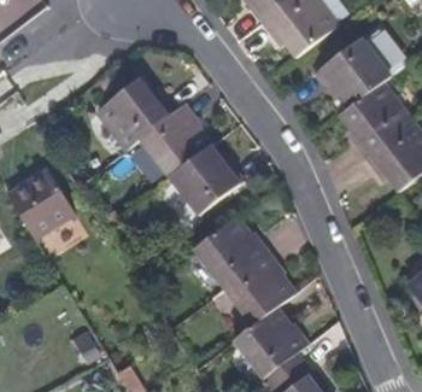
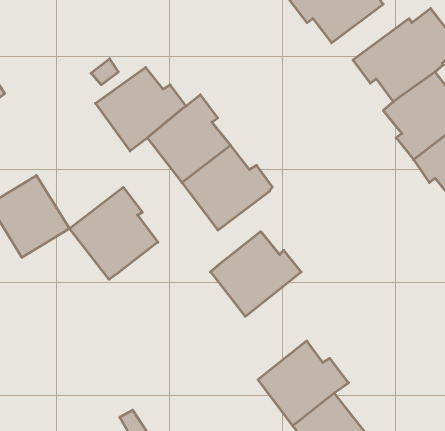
building: none -> [69,187,158,279]
building: [222,250,294,340] -> none

